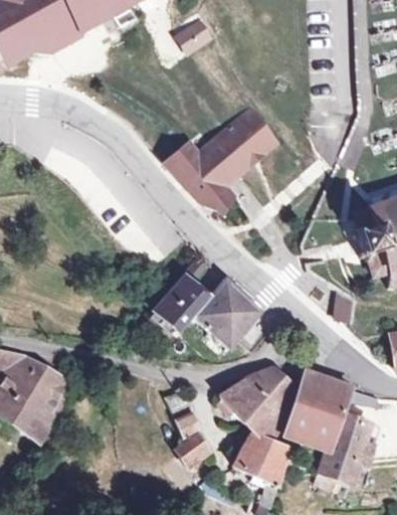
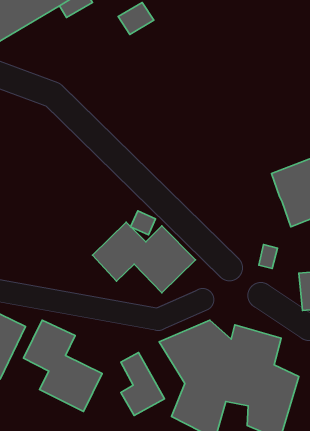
building: [173,108,277,213] -> none
building: none -> [23,320,102,412]

